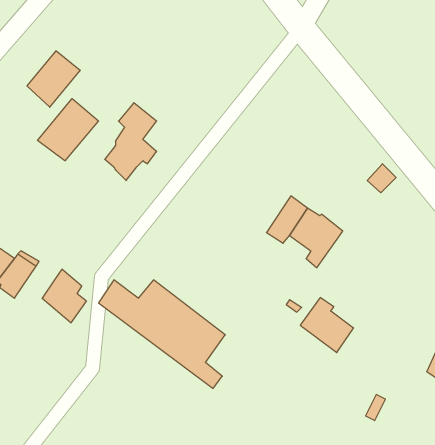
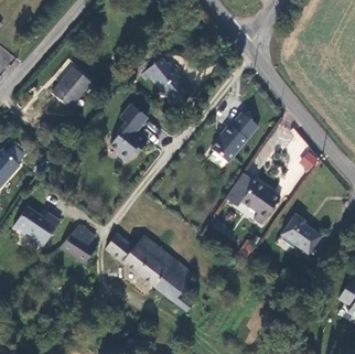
building: none -> [140,56,190,104]
building: [37,99,98,161] -> none
building: none -> [211,111,258,162]
building: [300,298,354,353] -> [281,213,320,253]

